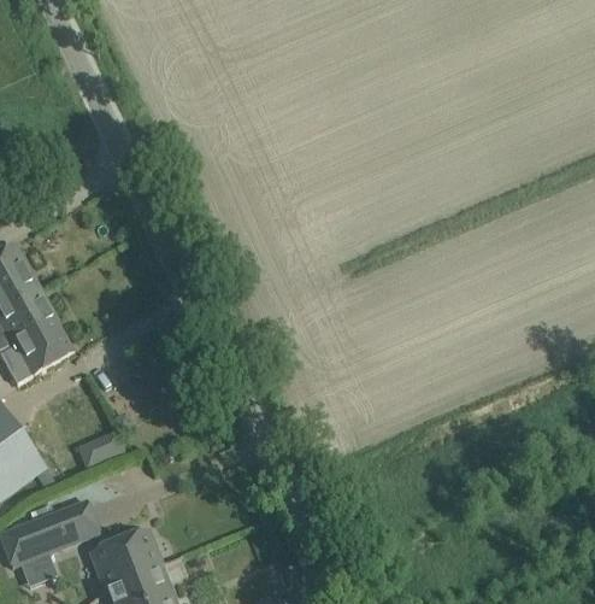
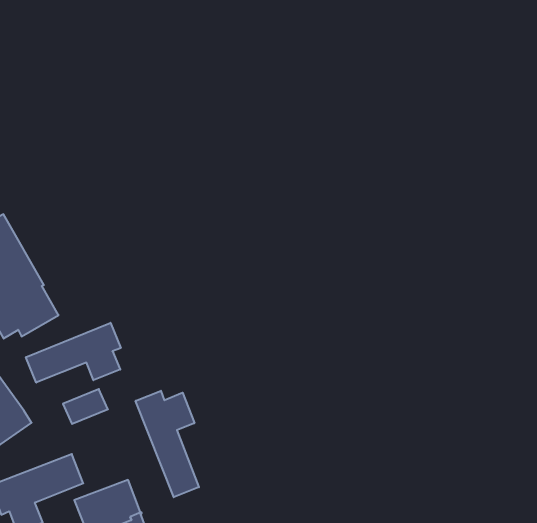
building: none -> [26,323,121,383]
building: none -> [136,391,199,497]

